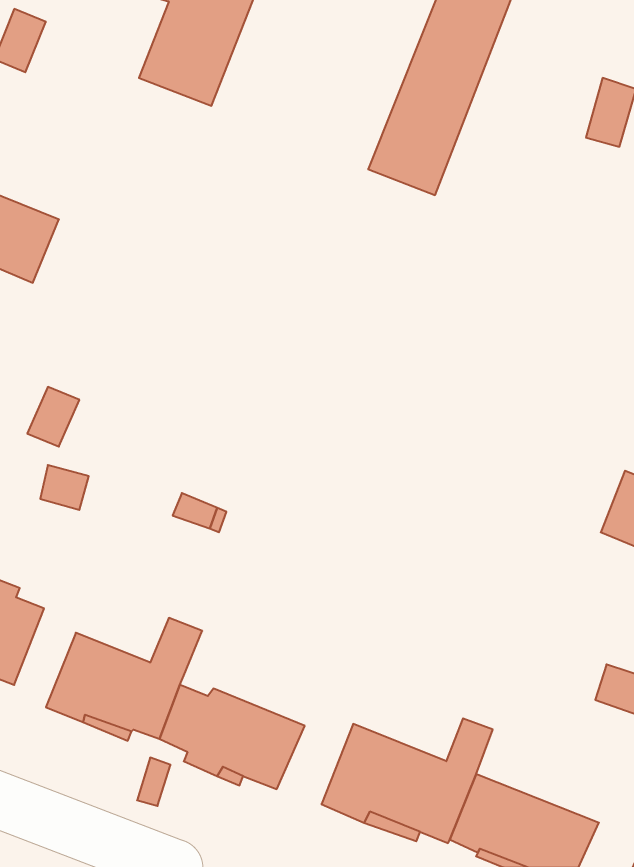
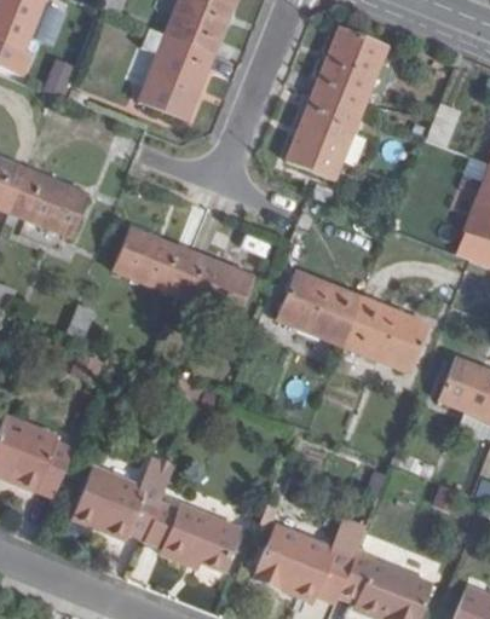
building: none -> [111,228,253,319]
building: none -> [276,273,427,371]

